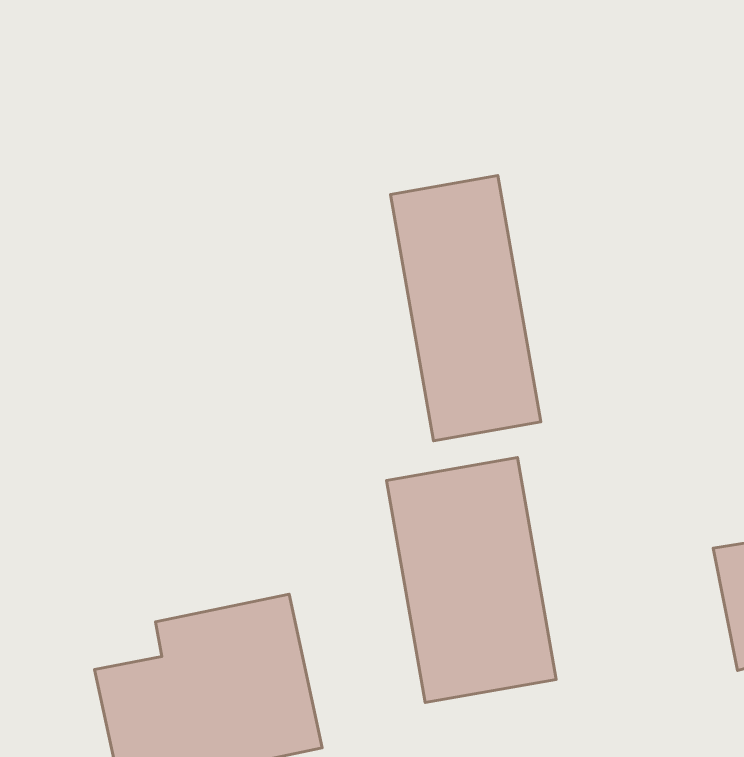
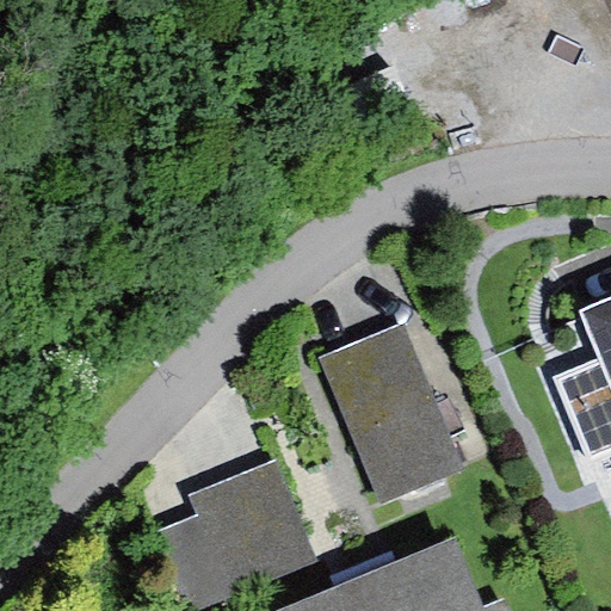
building: [390,176,541,441] -> none

